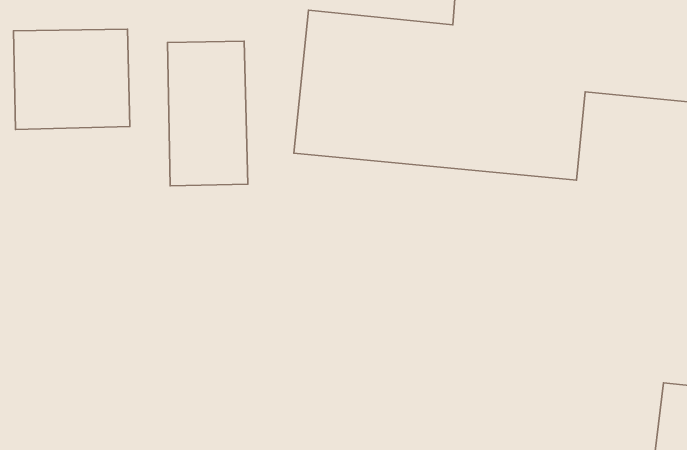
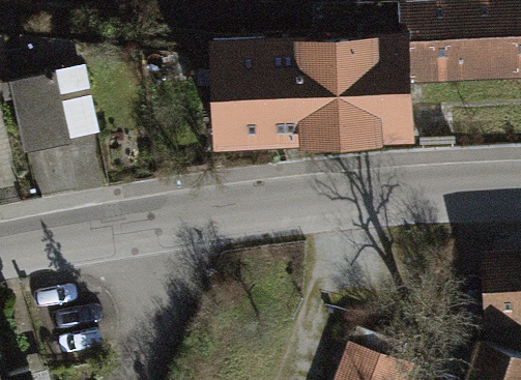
building: [167,41,248,186] -> none

